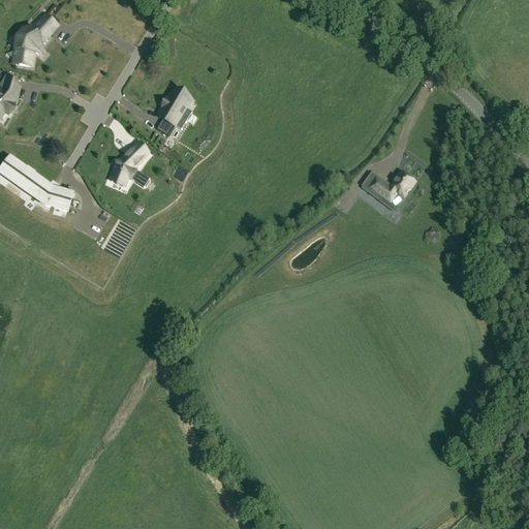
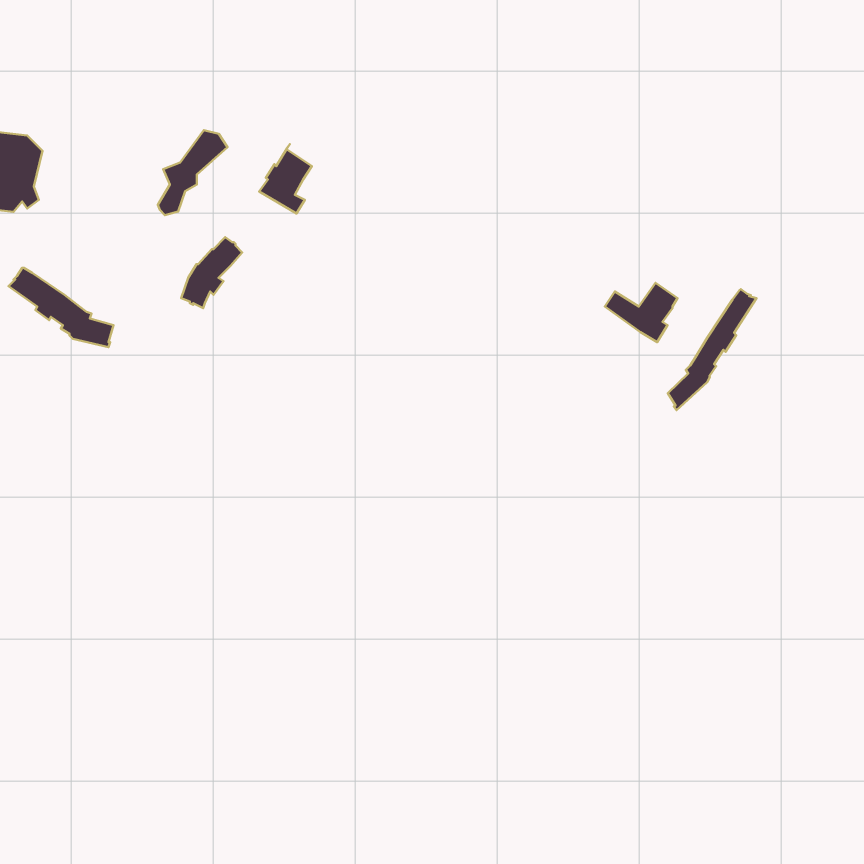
building: [9,12,52,64] -> [158,130,227,215]
building: none -> [668,289,757,410]

